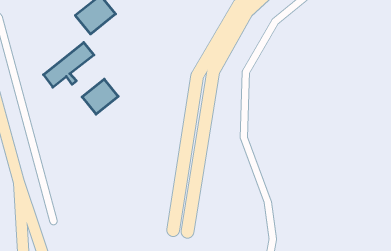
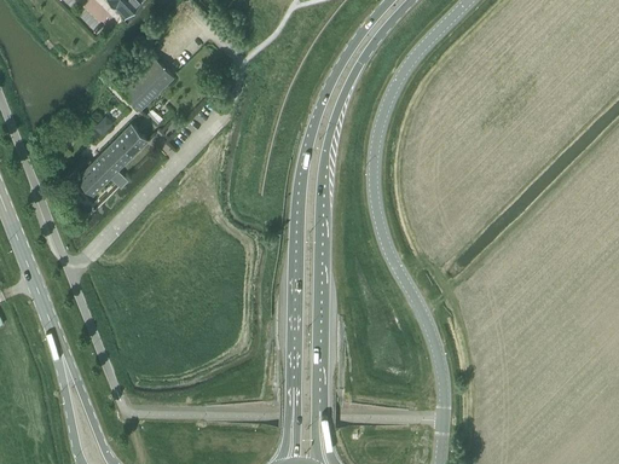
building: [82,79,118,114] -> none

